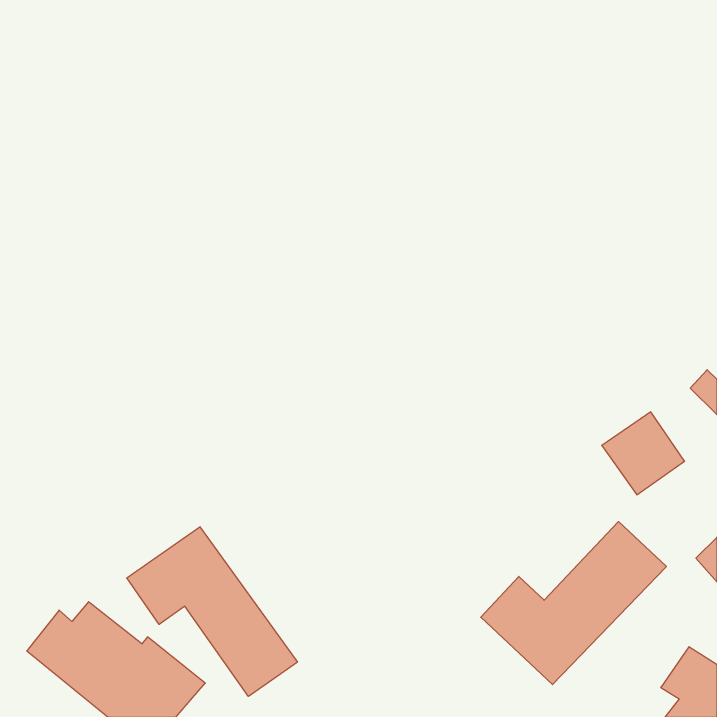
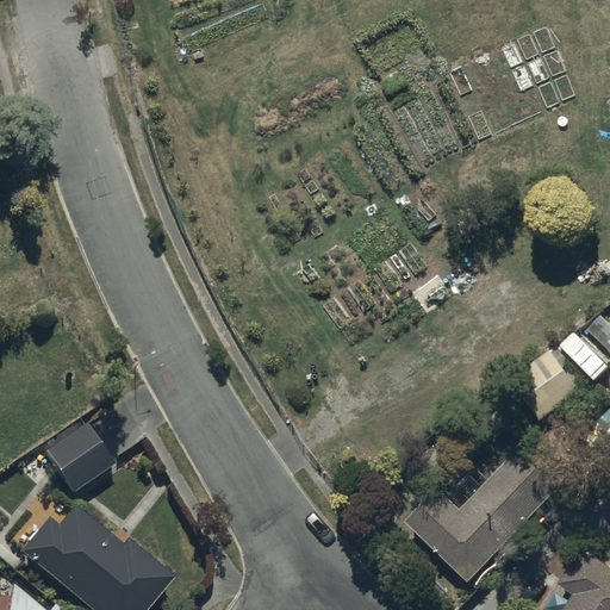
building: none -> [45,423,113,492]
building: [127,527,297,696] -> none

